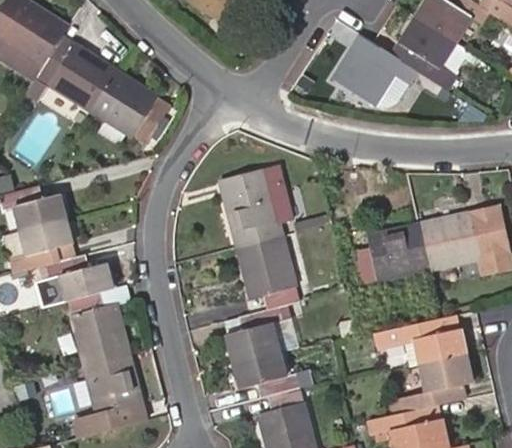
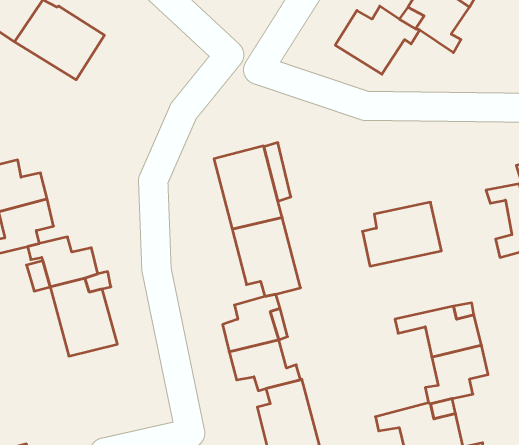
building: [92,69,169,141] -> none
building: [419,212,494,268] -> none
building: [72,354,146,439] -> none

